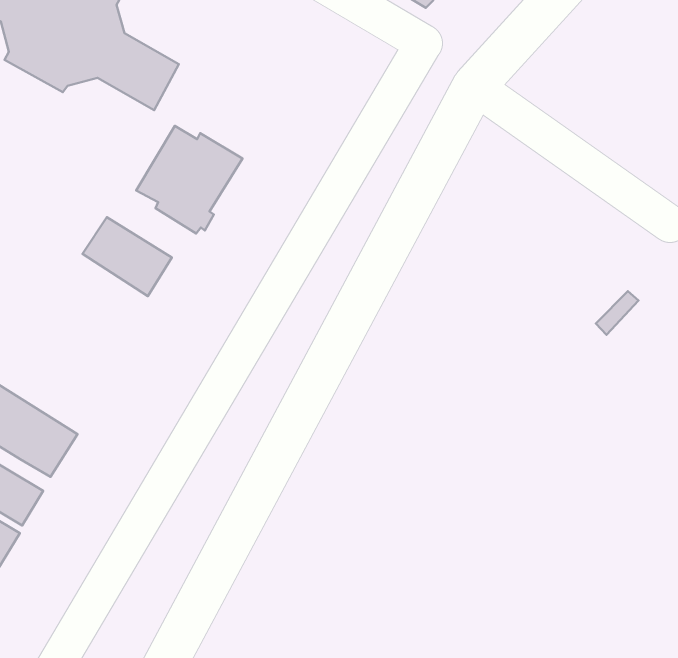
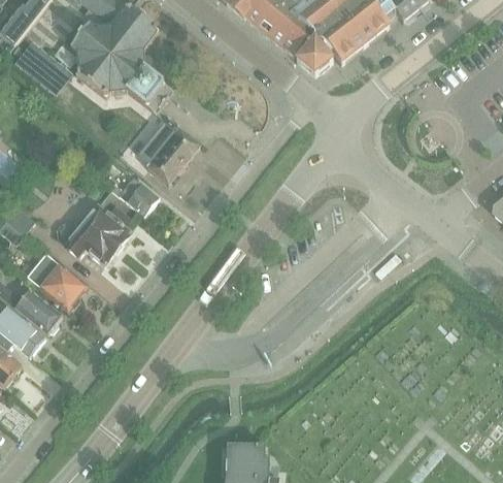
building: none -> [57,203,131,263]

